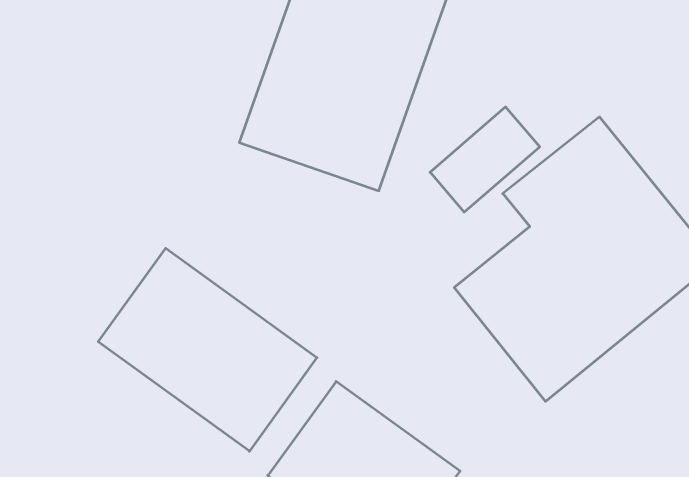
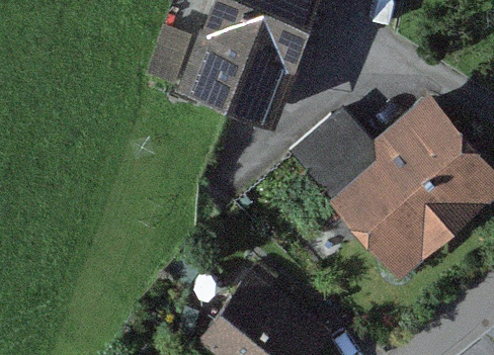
building: [98,248,317,451] -> none

